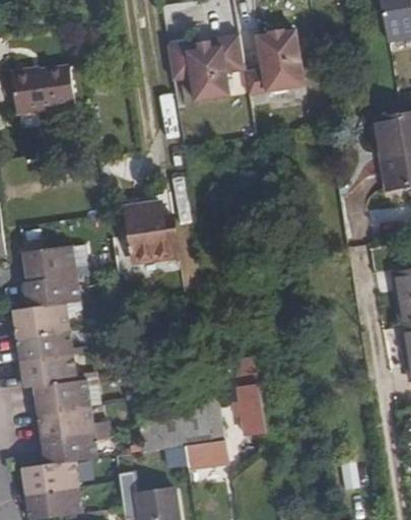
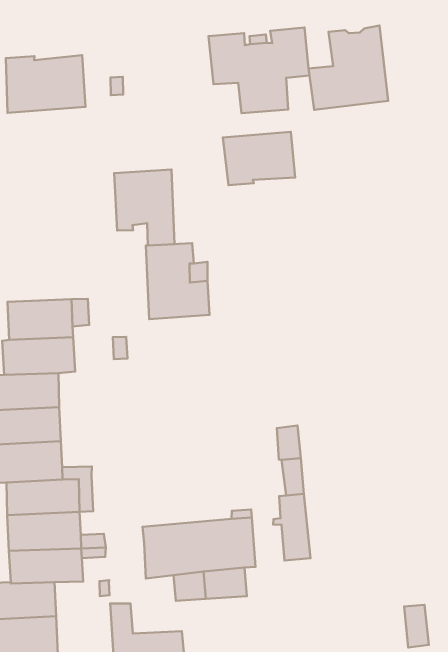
building: none -> [223,132,295,185]
building: none -> [114,170,174,245]

